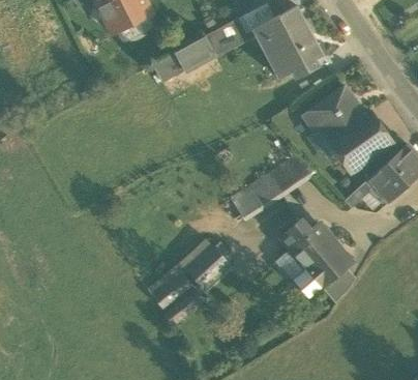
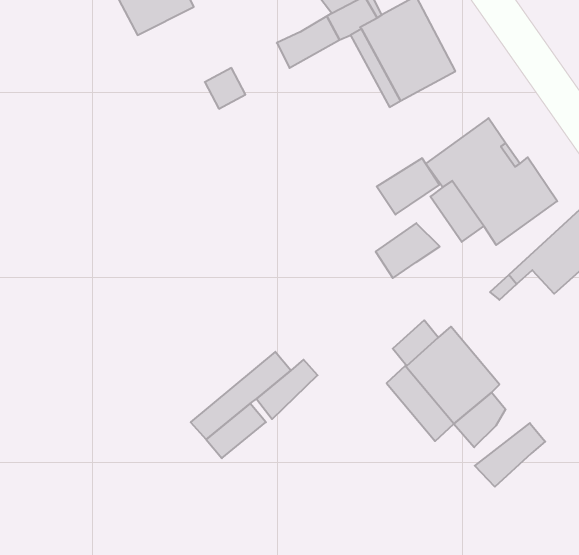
building: [175,36,214,70] -> none
building: [240,174,281,211] -> [377,158,439,215]
building: none -> [475,423,545,487]

